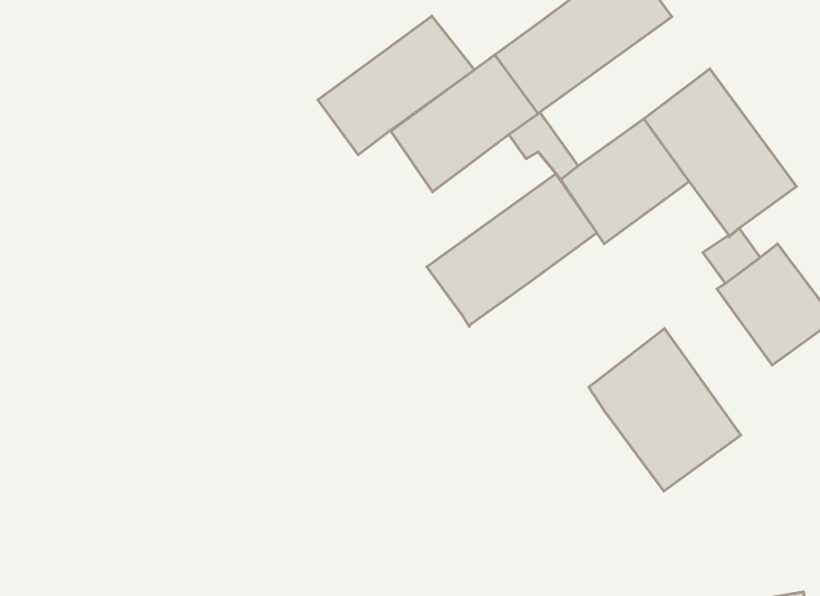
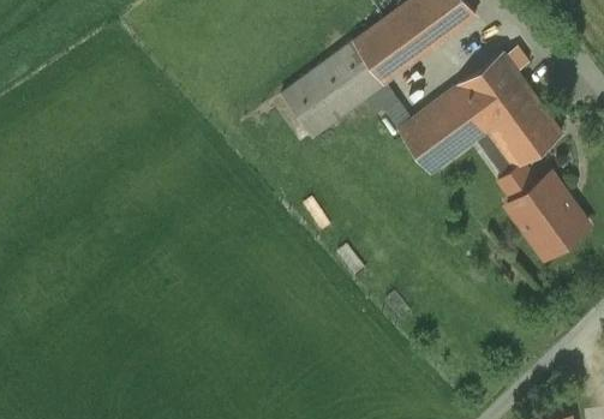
building: [318,16,474,155] -> none
building: [427,174,597,326] -> none
building: [589,328,741,491] -> none

